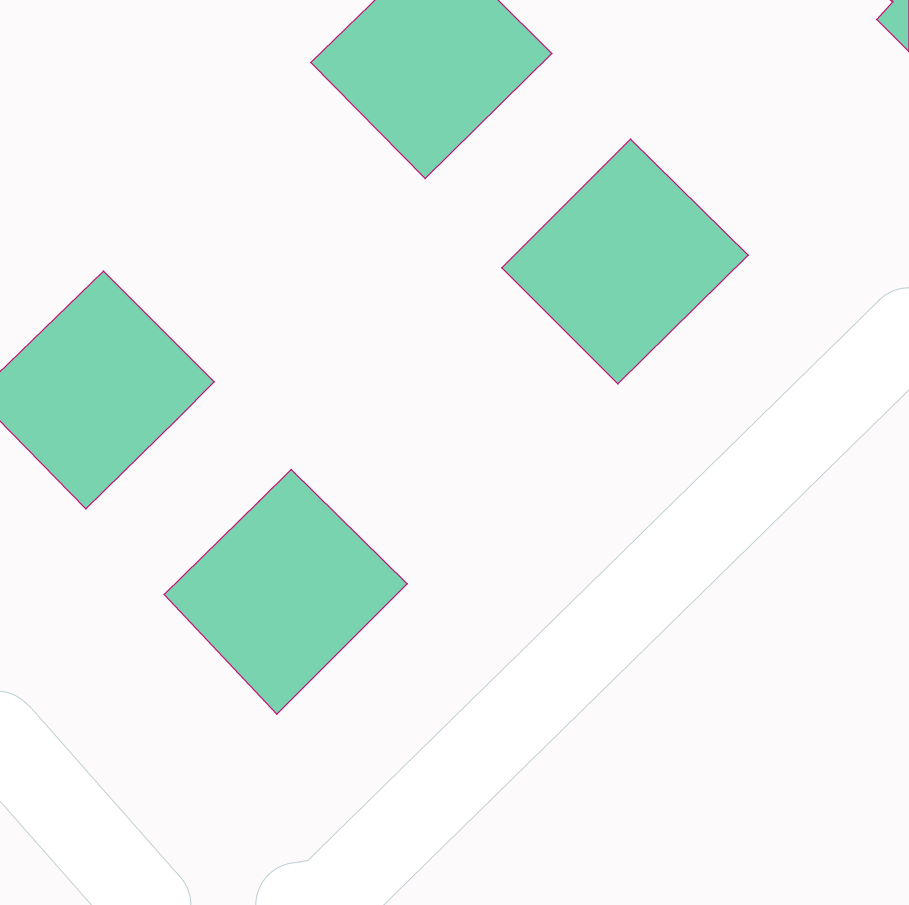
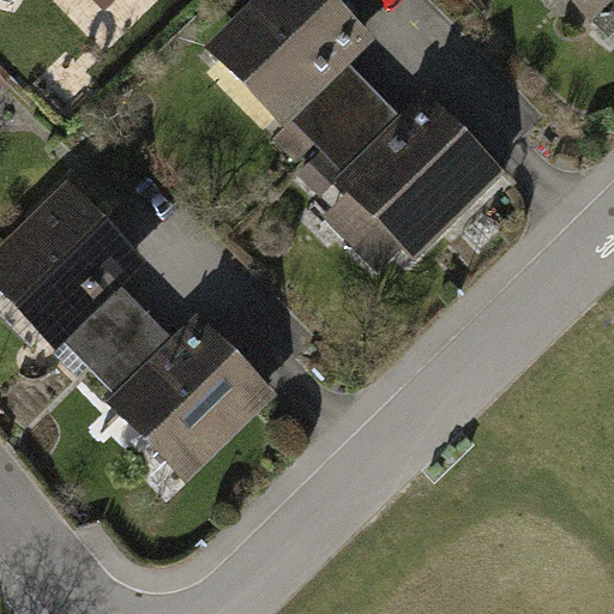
building: none -> [279,61,402,182]
building: none -> [53,282,174,402]

